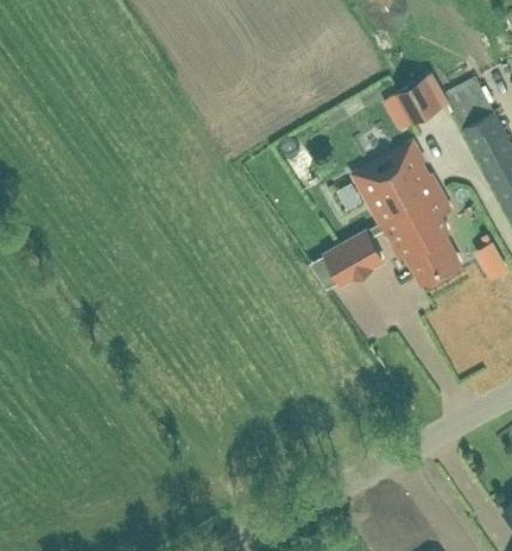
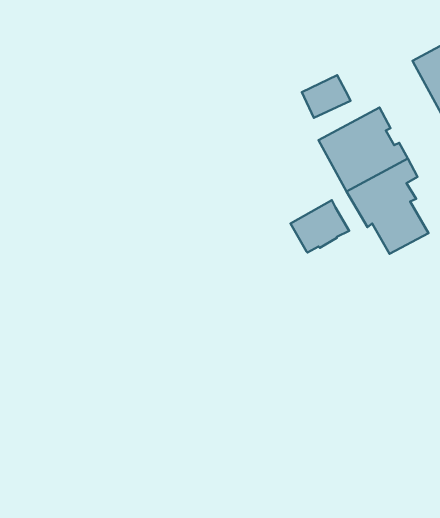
building: [400,78,448,120] -> [302,75,351,118]

